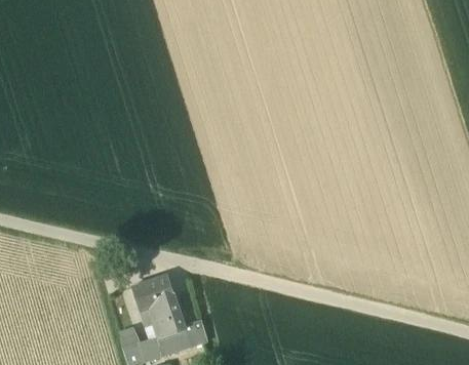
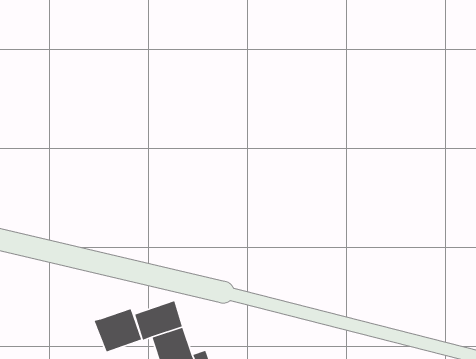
building: none -> [94,308,142,353]

